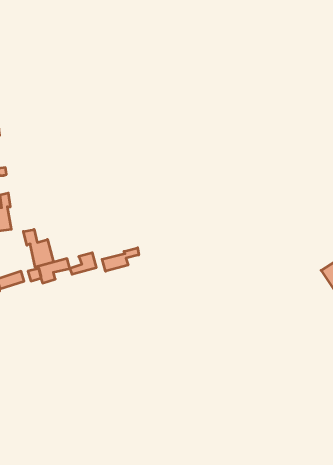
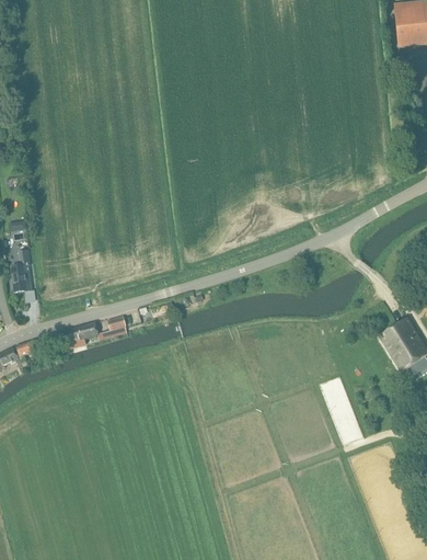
building: [23,229,54,267] -> none
building: [102,248,139,271] -> none

